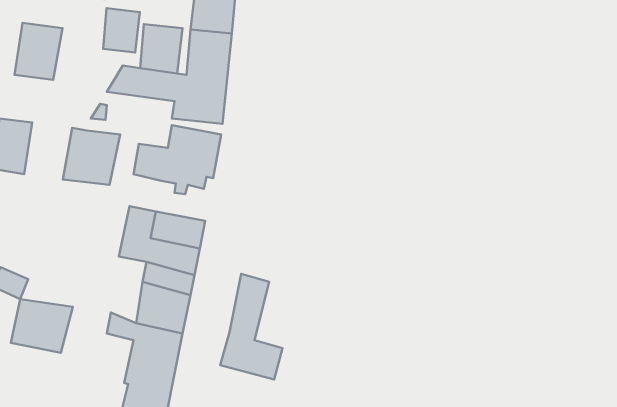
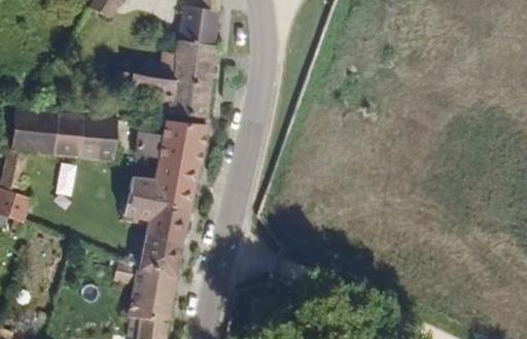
building: [103,8,140,53] -> none
building: [14,23,62,80] -> [52,116,90,161]
building: none -> [154,159,199,193]
building: [220,274,283,380] -> none
building: [11,299,73,353] -> none

